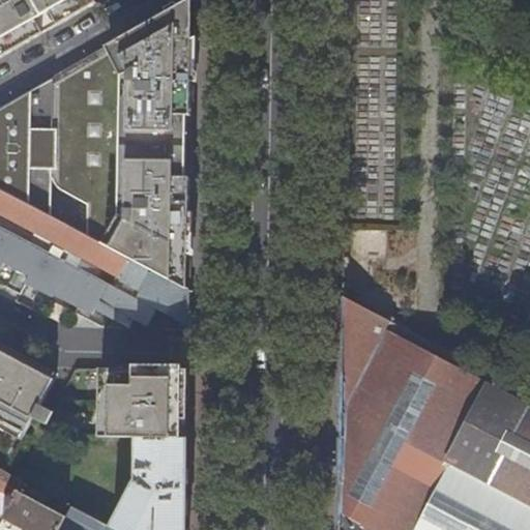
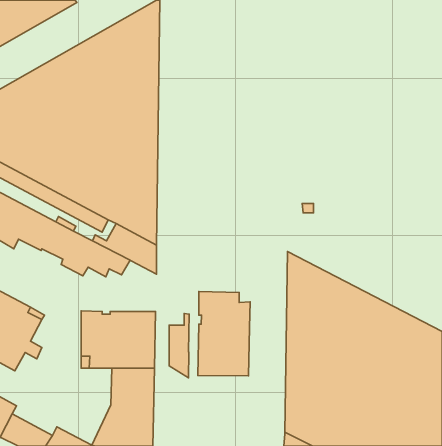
building: none -> [198,291,250,376]
building: none -> [169,314,189,378]

